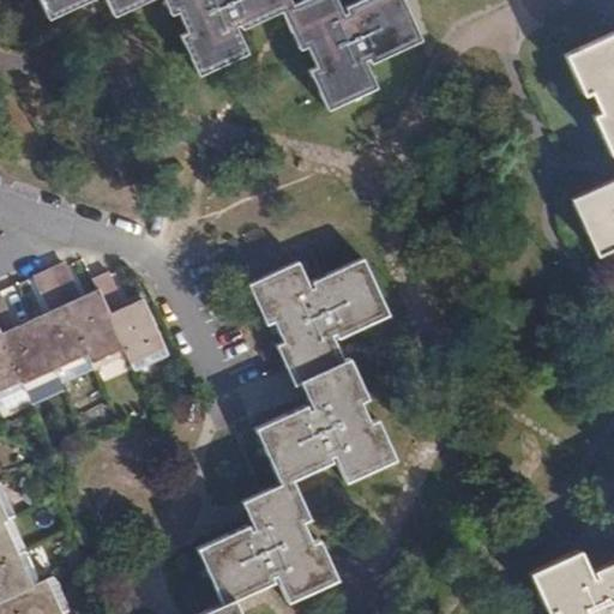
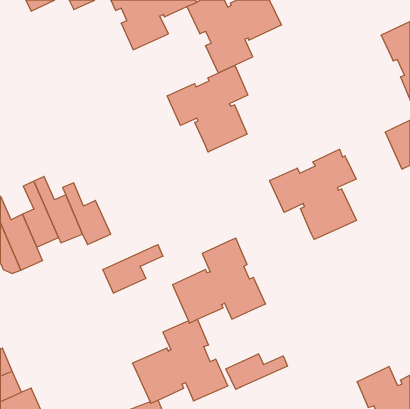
building: none -> [167,65,248,152]
building: none -> [269,149,356,239]
building: [251,258,387,383] -> none
building: none -> [103,245,163,293]
building: none -> [226,354,287,389]

